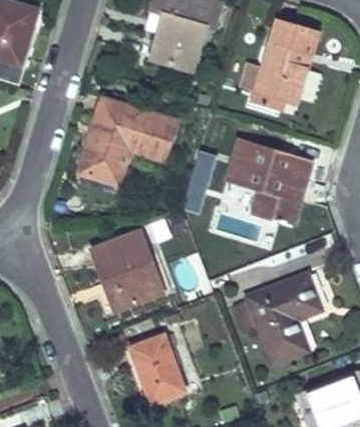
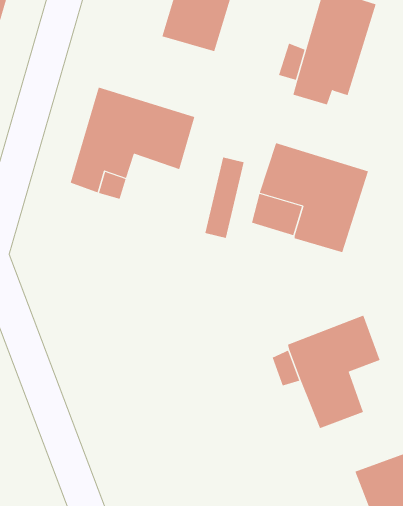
building: [92,231,162,309] -> none
building: [130,335,185,403] -> none

